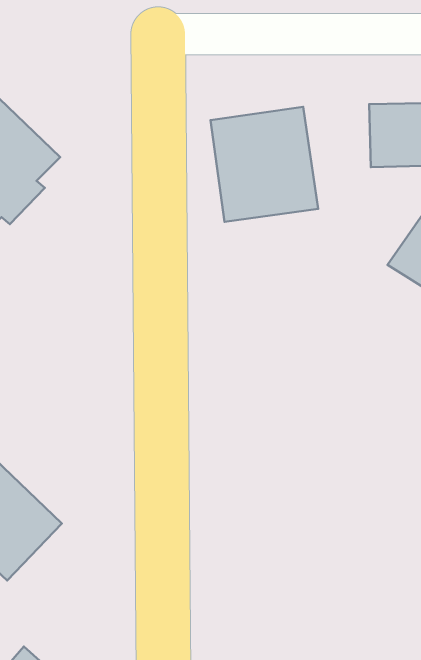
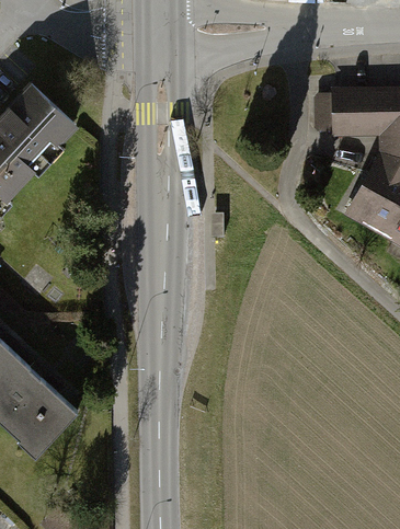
building: [211,107,318,222] -> none

